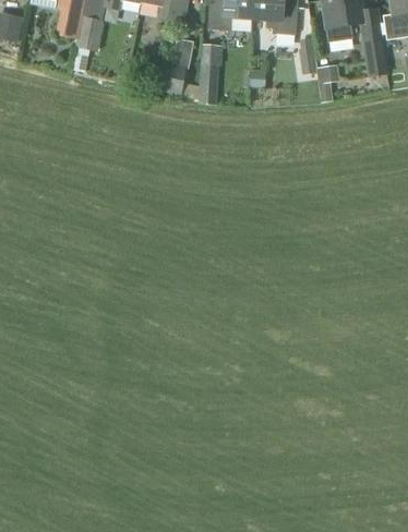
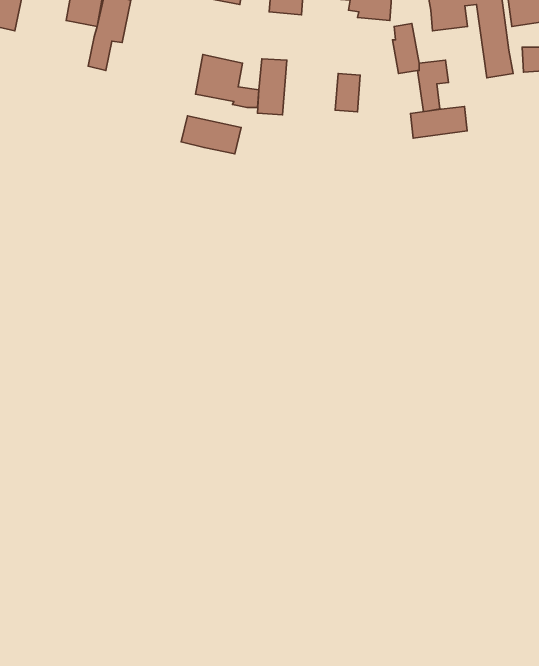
building: none -> [411,106,467,138]
building: none -> [181,116,241,154]

